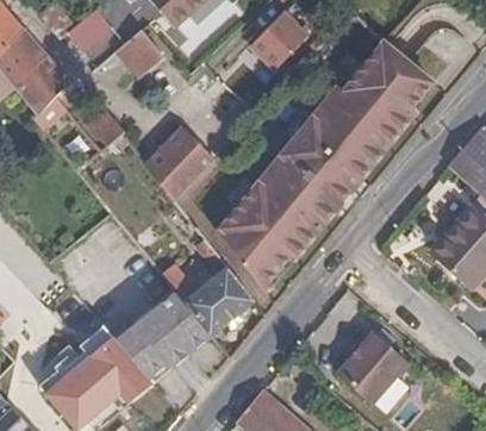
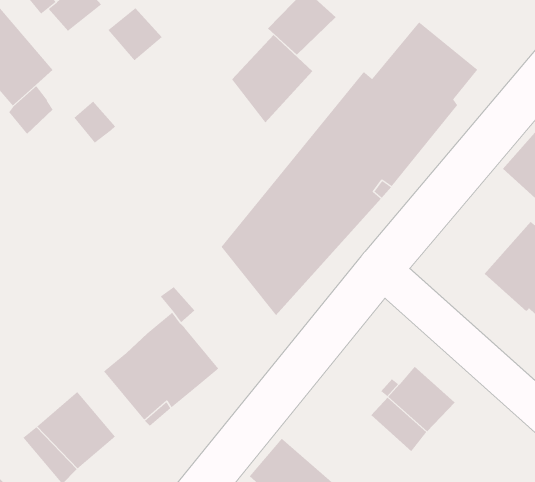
building: [145,126,214,201] -> [231,34,313,124]
building: [182,237,254,333] -> none

